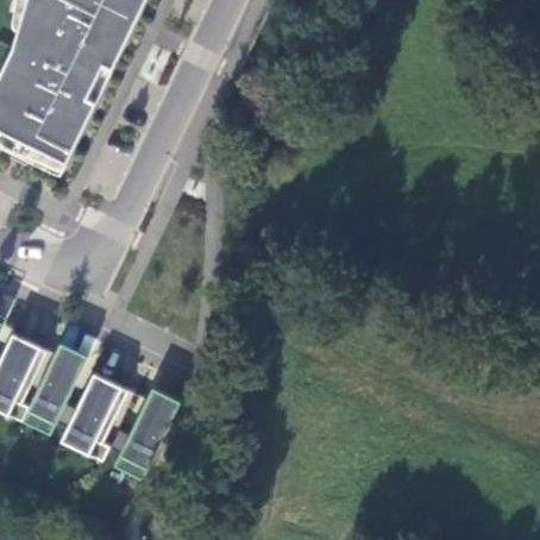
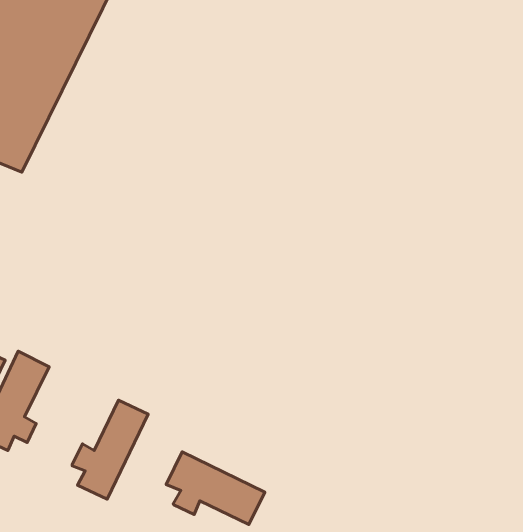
building: [59,372,126,459] -> none
building: none -> [166,452,265,525]

